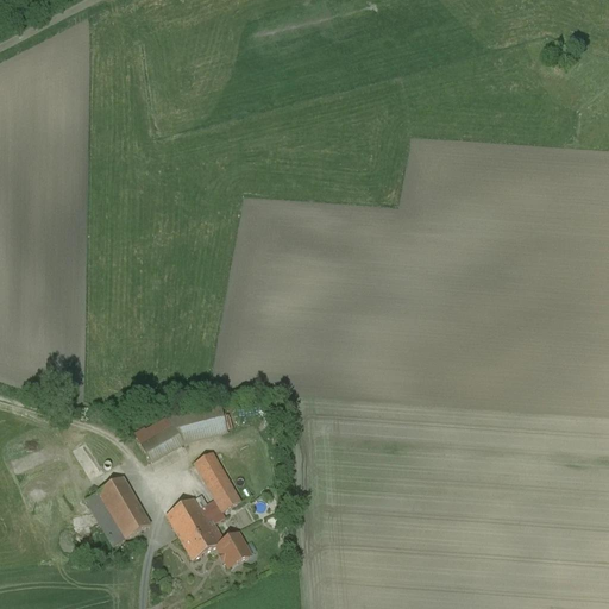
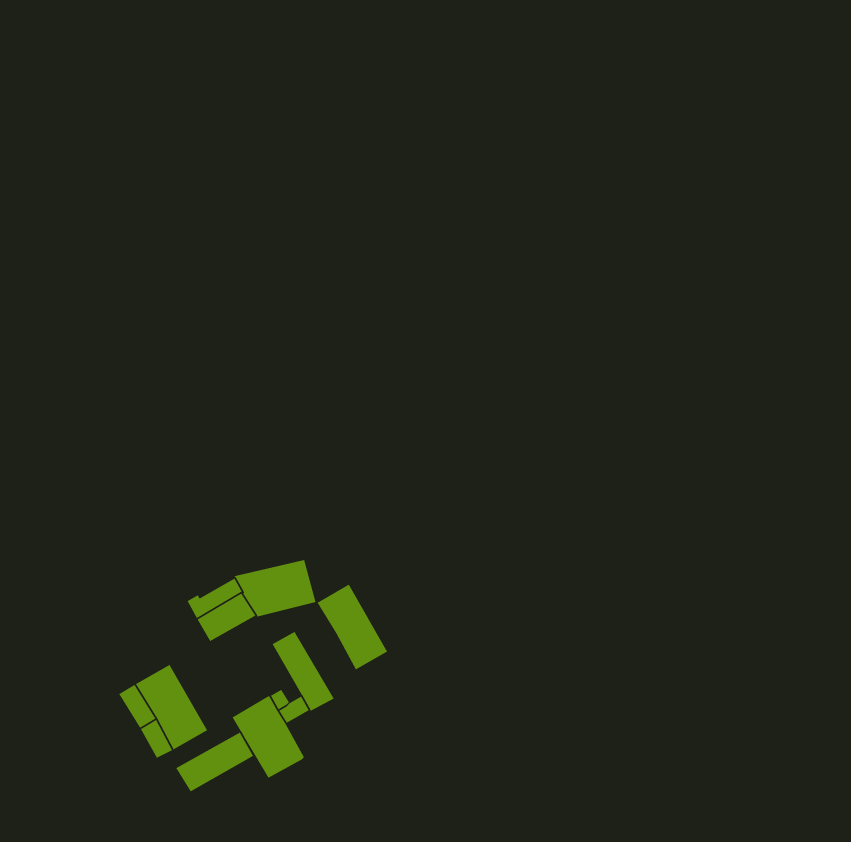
building: none -> [316,584,388,671]
building: none -> [175,732,254,793]
building: [215,532,247,565] -> none

